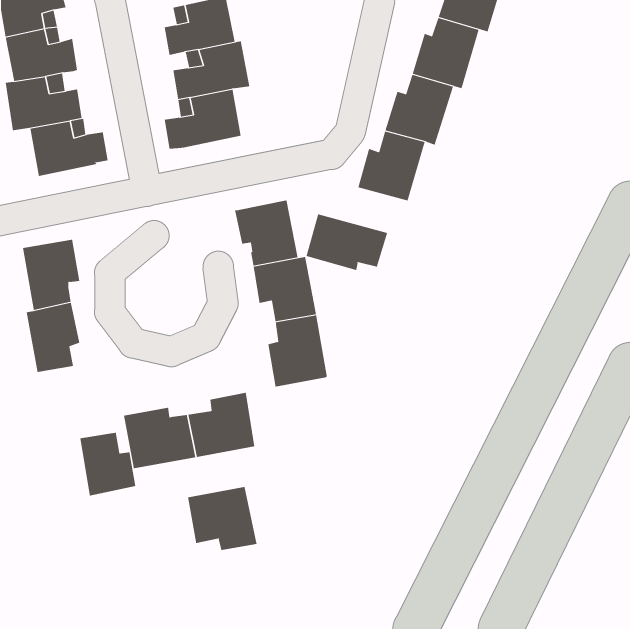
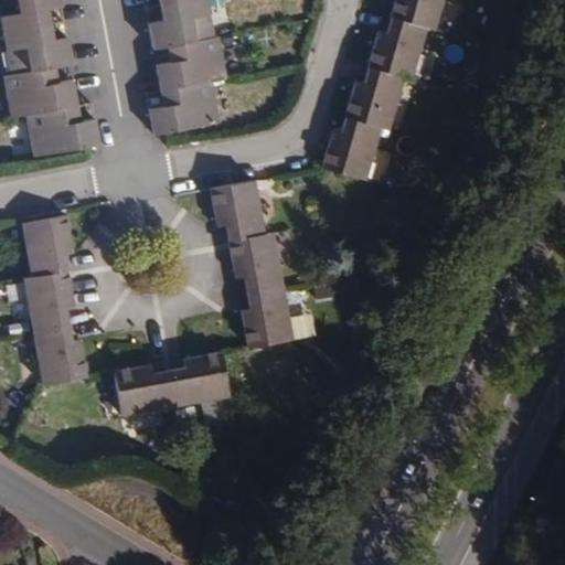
building: [306,213,388,271] -> none
building: [79,432,136,496] -> [33,328,84,385]
building: [188,486,257,551] -> none

